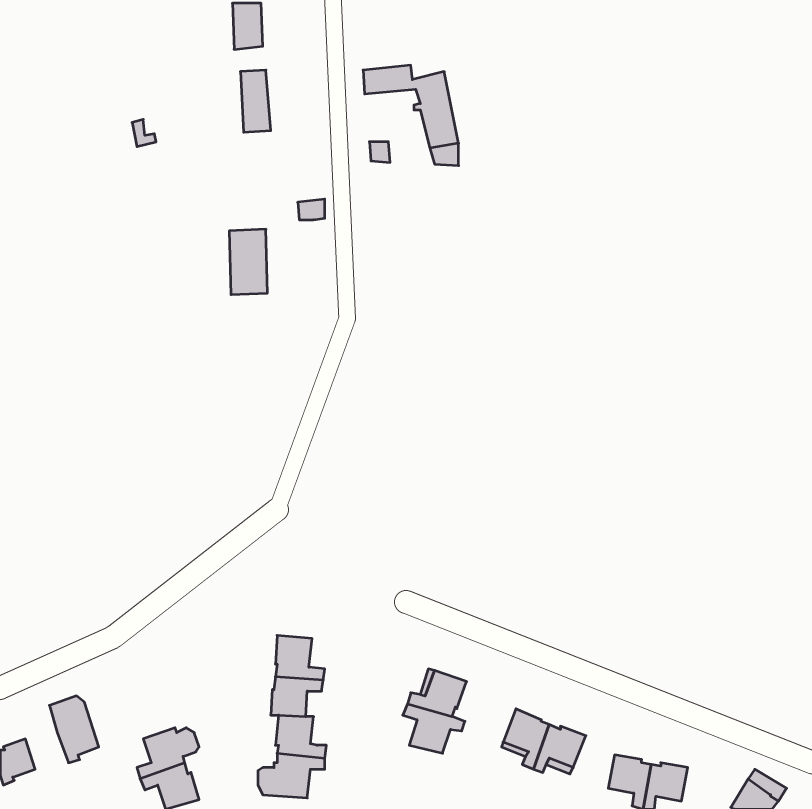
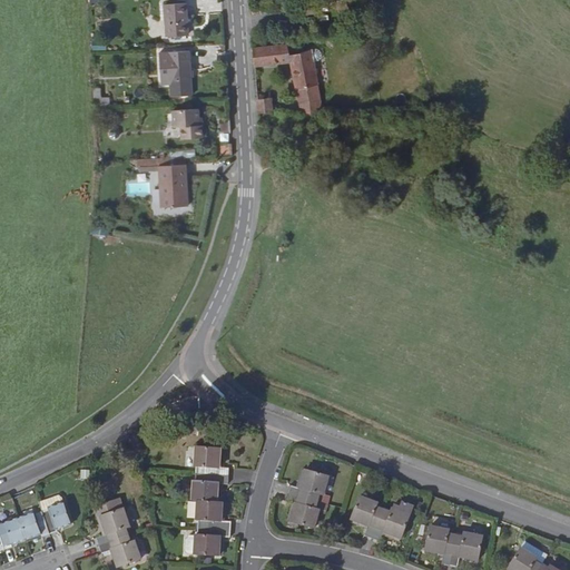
building: none -> [169,107,198,136]
building: none -> [19,511,49,538]

